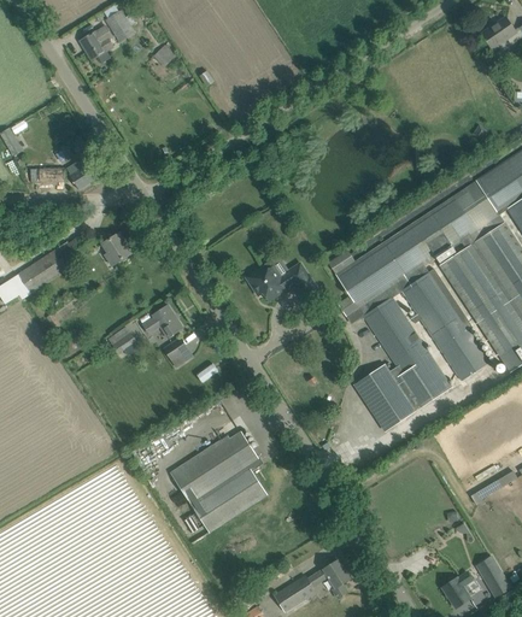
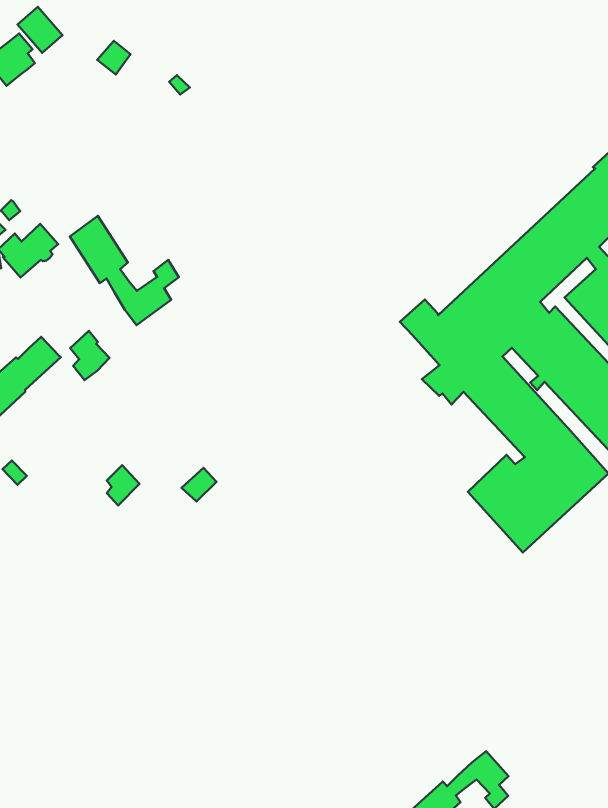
building: none -> [70,216,179,325]
building: [246,263,316,300] -> none
building: [143,305,182,336] -> none
building: [170,431,265,531] -> none

